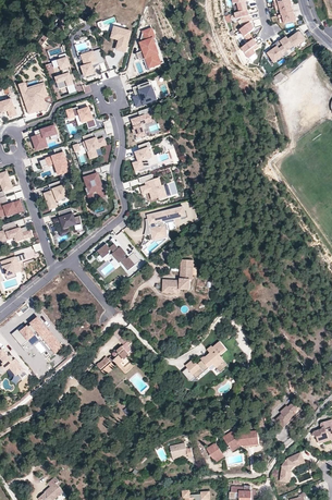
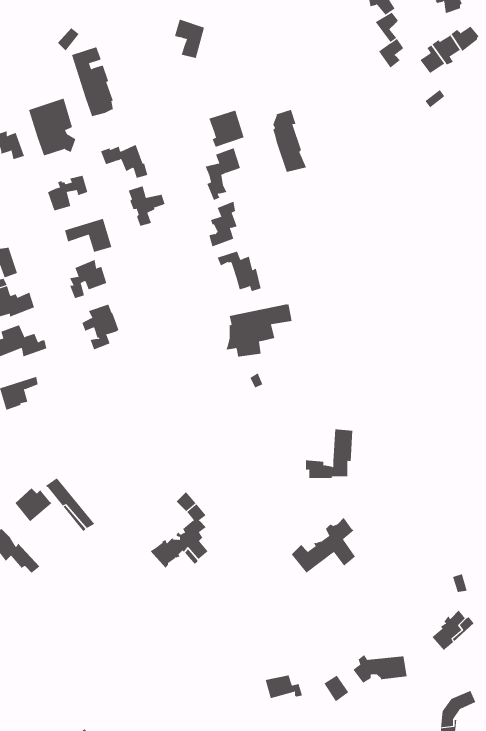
building: [140,29,162,70] -> [273,109,307,173]
building: [79,49,104,81] -> none
building: [82,168,106,200] -> none
building: [97,244,140,271] -> none
building: [162,260,193,292] -> [305,429,353,479]

